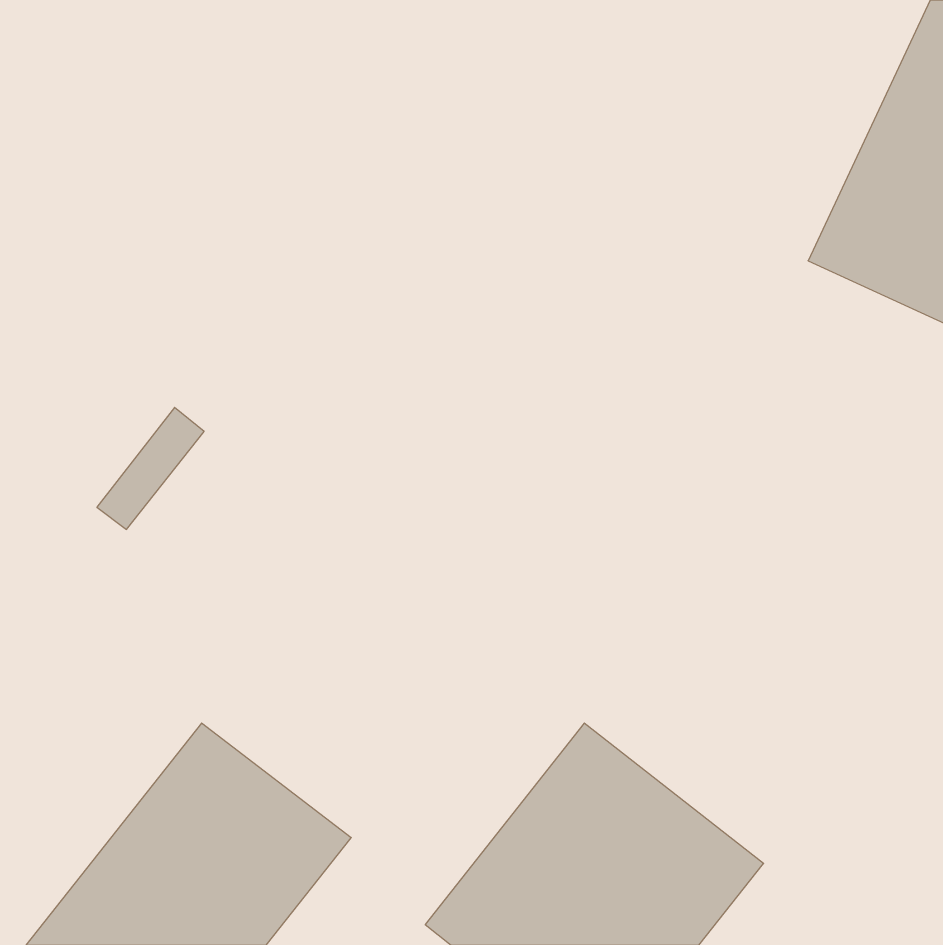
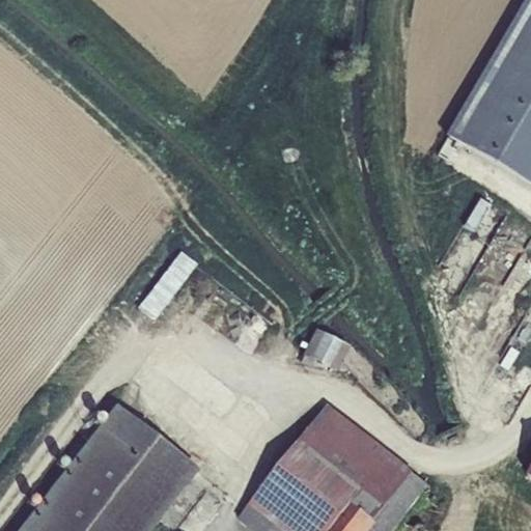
building: [97,407,204,529] -> [136,254,196,323]
building: none -> [303,330,350,372]

